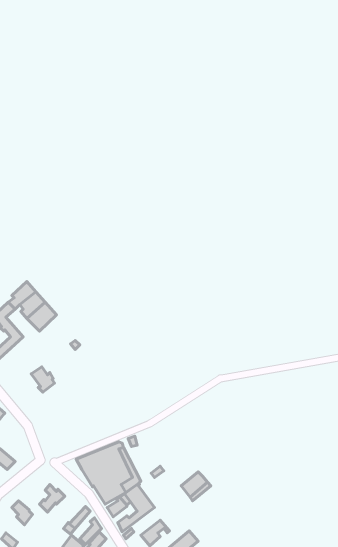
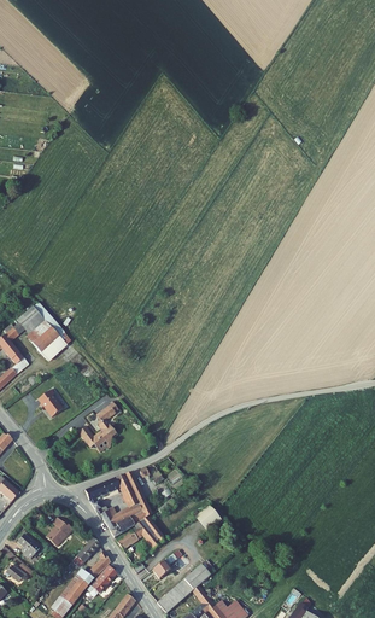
building: none -> [78,402,117,453]

